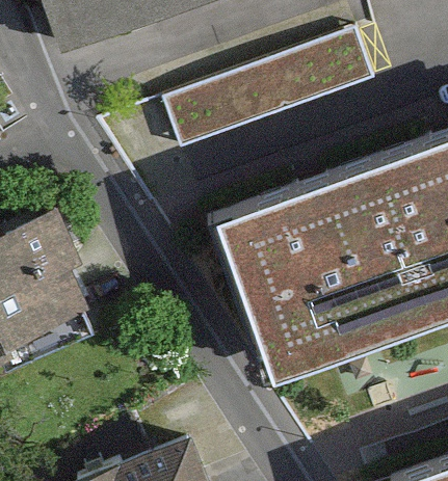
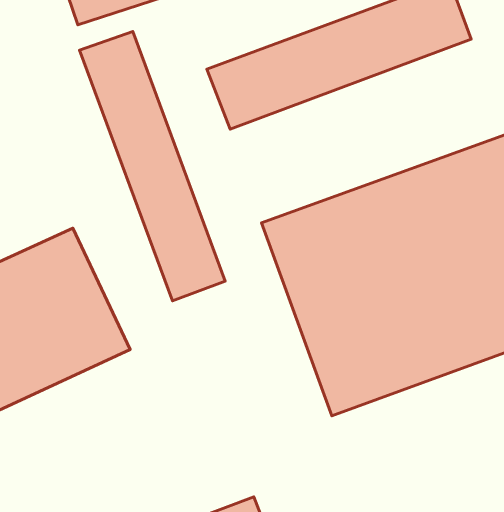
building: none -> [80,32,225,301]

